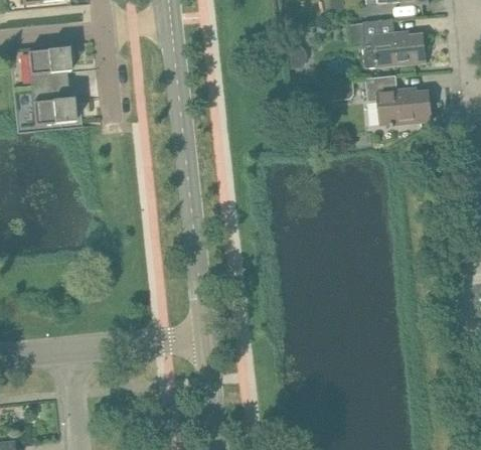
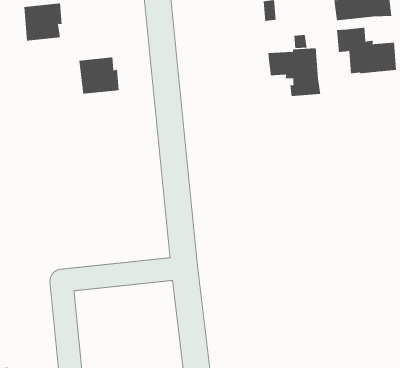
building: [30,86,74,126] -> [79,57,120,94]
building: none -> [268,47,321,97]

